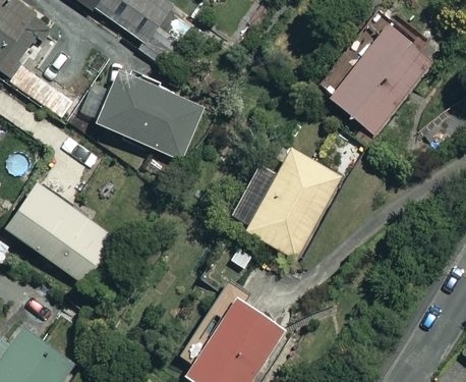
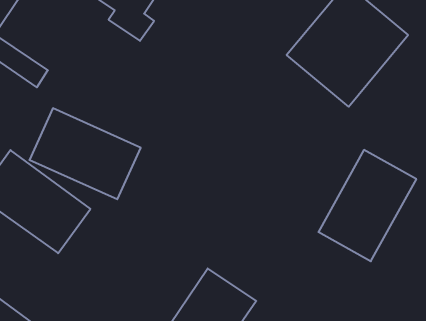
building: [92,67,203,159] -> [29,108,141,199]
building: [244,147,343,259] -> [318,150,416,261]

